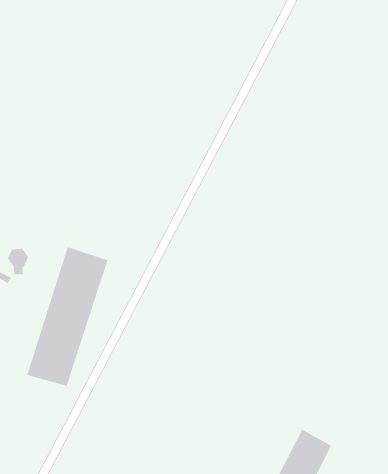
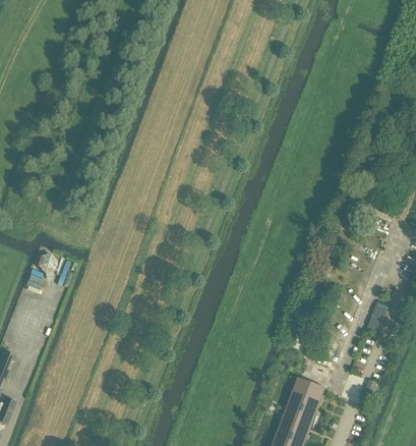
building: [26,246,108,387] -> none

